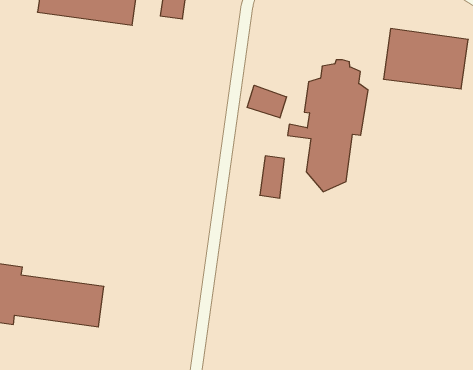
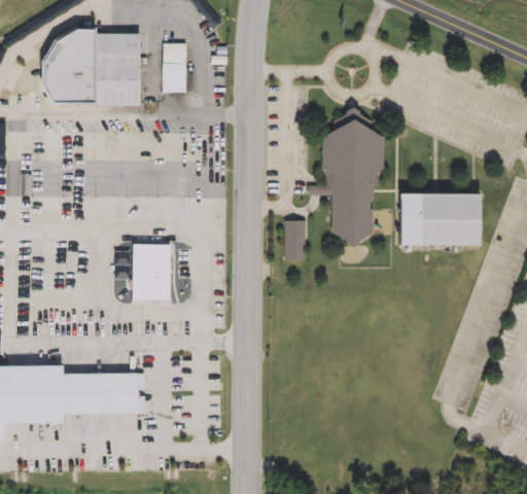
building: [383,29,468,89] -> [399,196,479,247]
building: [247,85,287,118] -> none
building: none -> [130,242,171,302]

